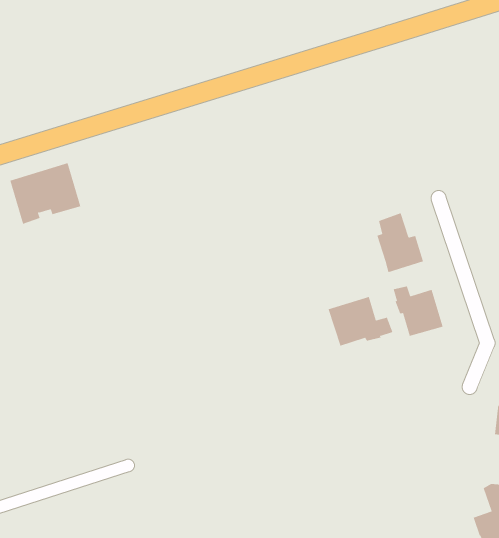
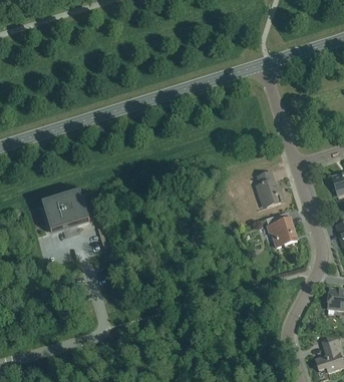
building: [9,163,81,225] -> [44,193,88,231]
building: [328,296,393,346] -> none

